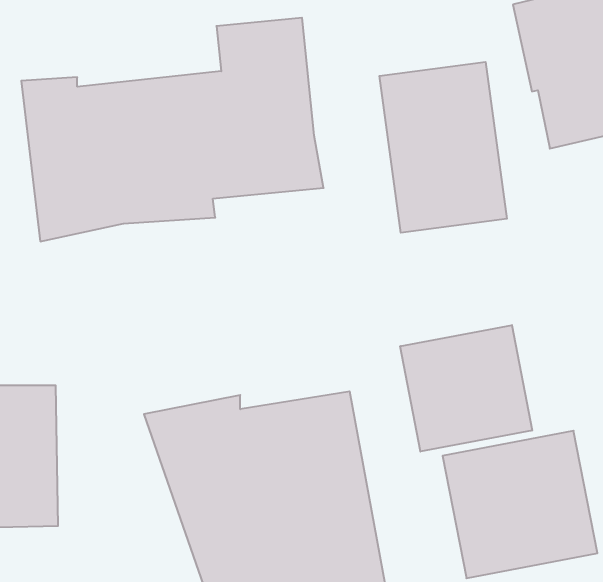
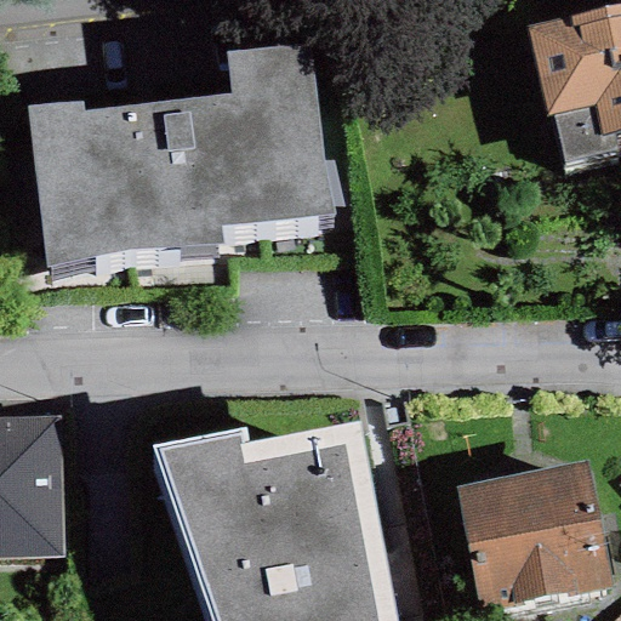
building: [379,62,507,233] -> none
building: [400,325,532,452] -> none

